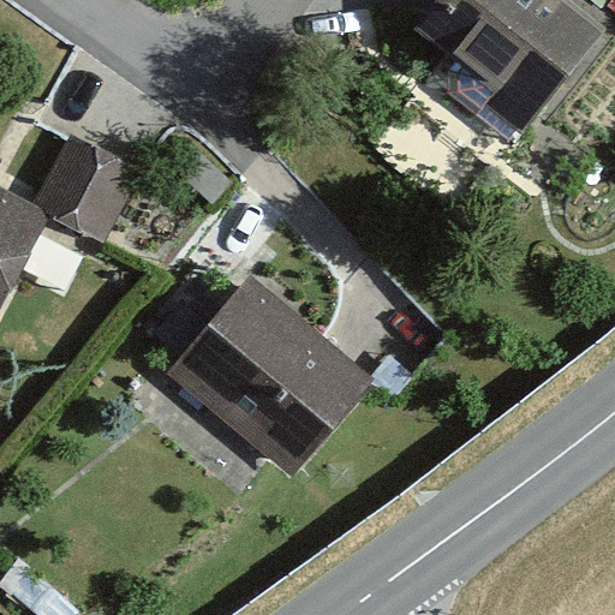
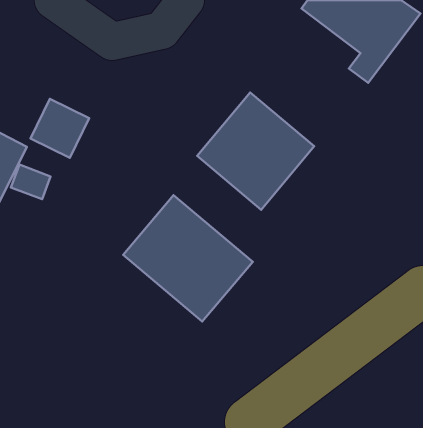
building: none -> [197,92,314,210]

